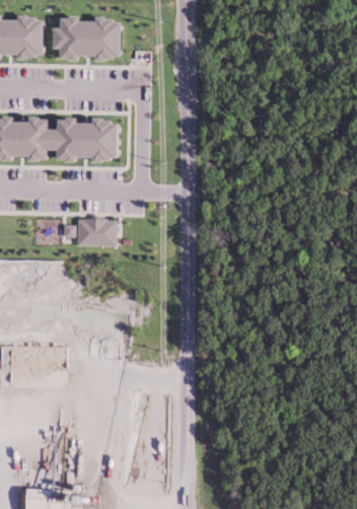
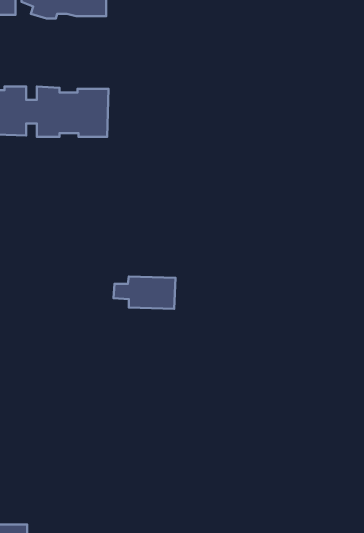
building: [59,220,112,247] -> [113,277,175,309]

